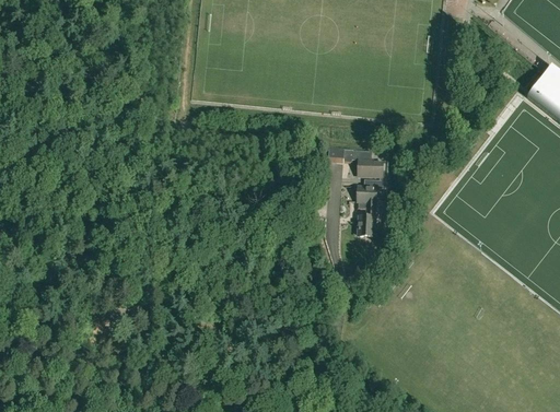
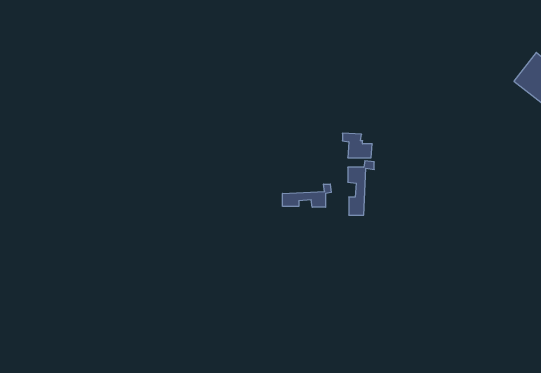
building: none -> [283,184,331,207]

